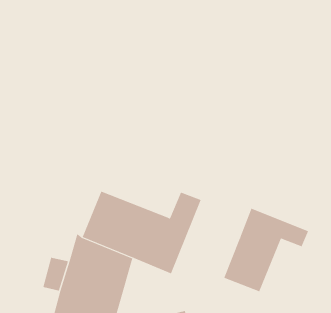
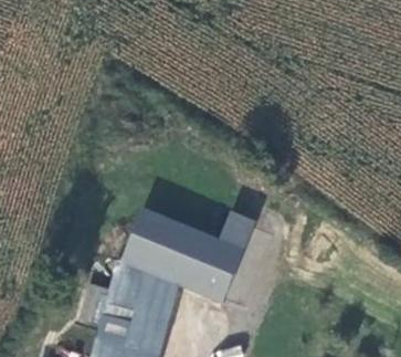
building: [223,208,309,292] -> none

